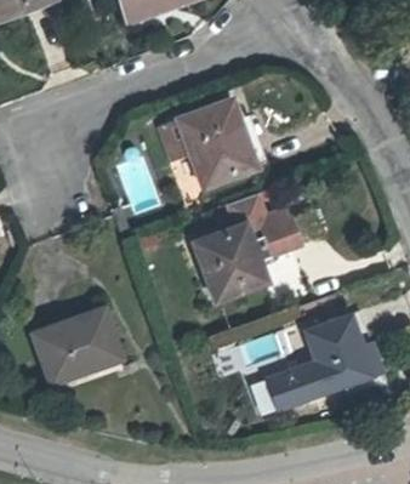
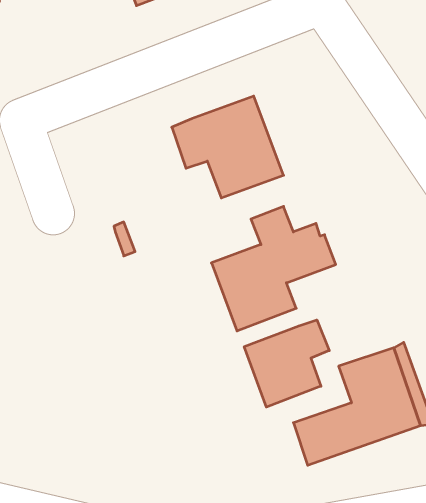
building: none -> [244,320,329,407]
building: [35,308,120,381] -> none

